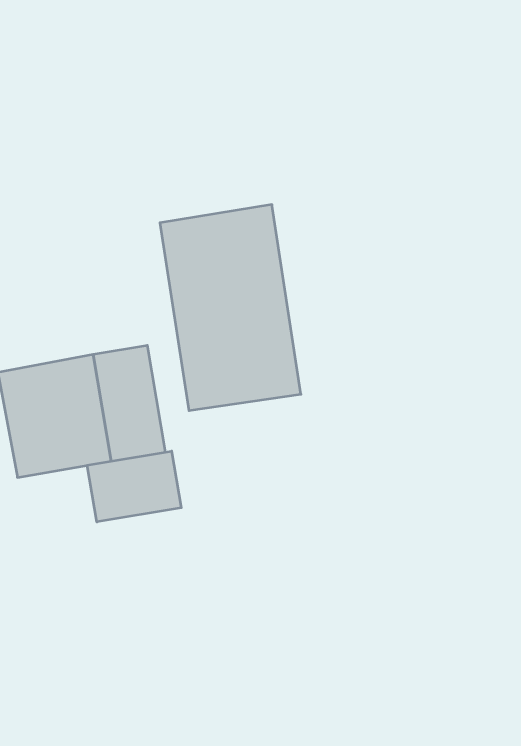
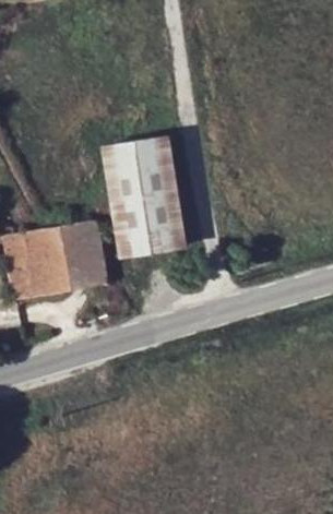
building: [87,451,181,522] -> none

